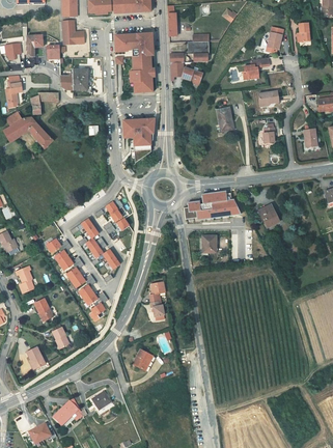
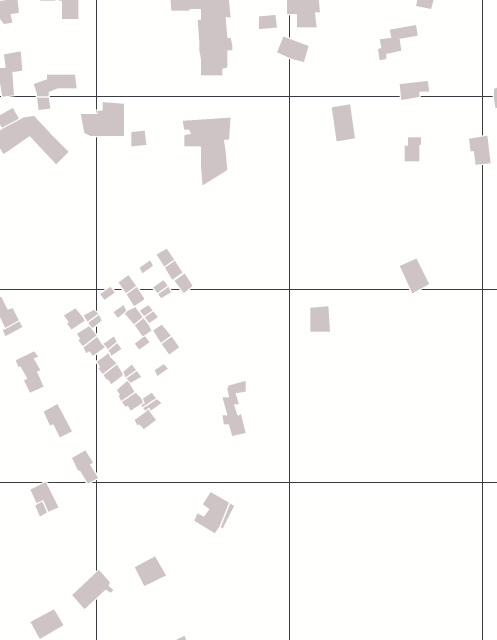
building: [57,66,85,88] -> [80,102,125,137]
building: [184,192,241,221] -> none

